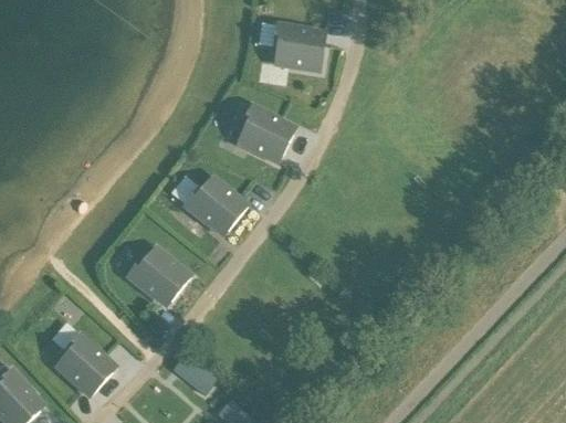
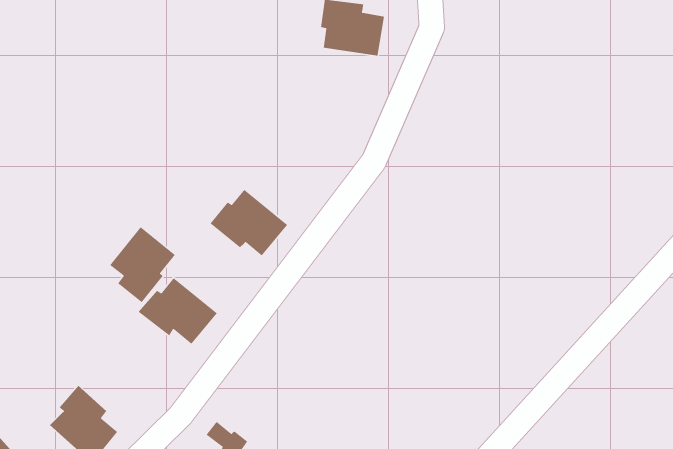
building: [237,105,292,162] -> none
building: none -> [109,226,176,303]

